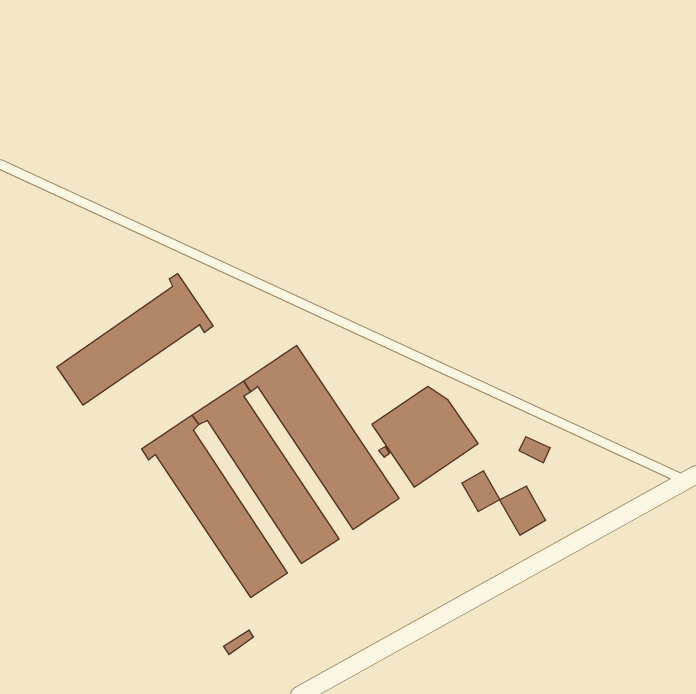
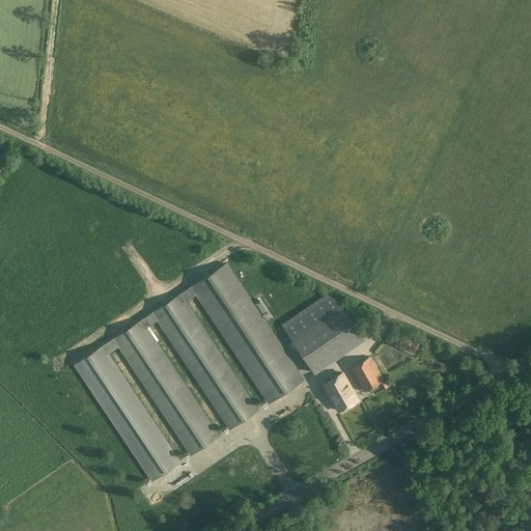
building: [57,274,213,405] -> none
building: none -> [74,343,180,482]
building: [499,486,546,535] -> [323,374,358,412]

